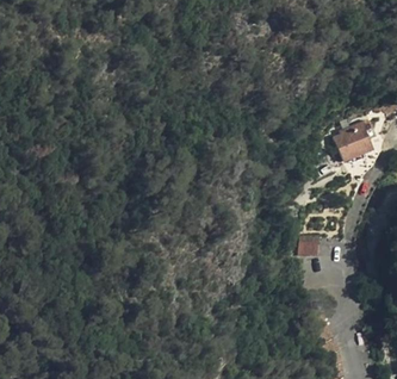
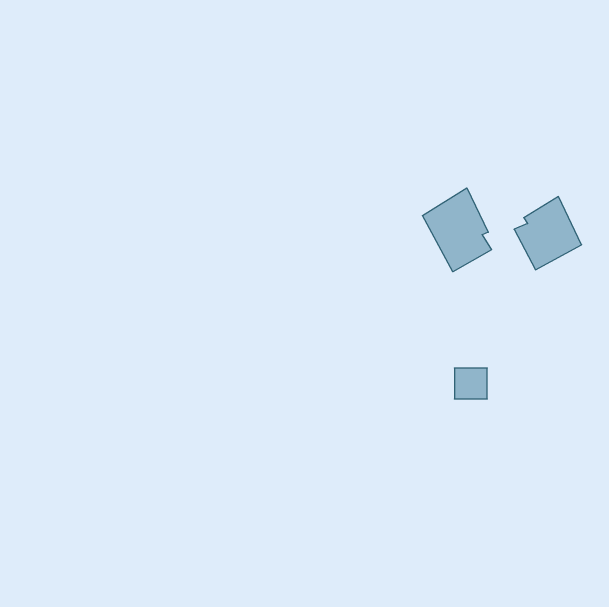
building: none -> [422,188,492,272]

